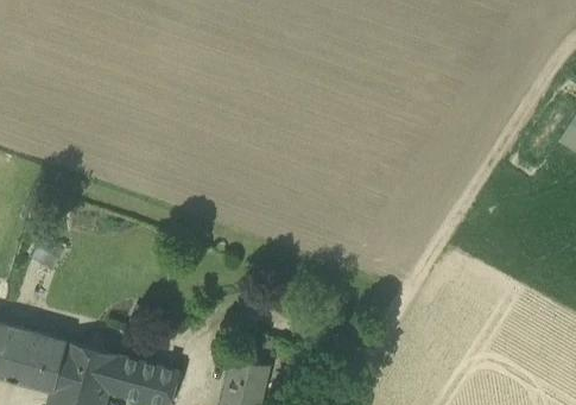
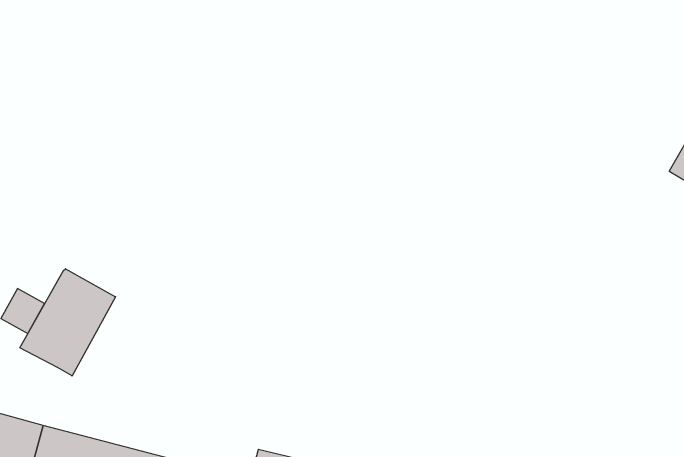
building: none -> [20,269,116,376]

